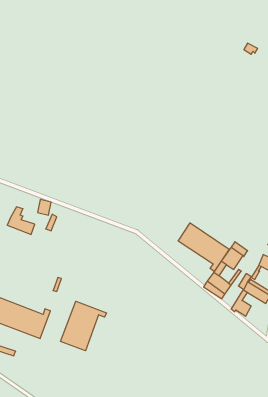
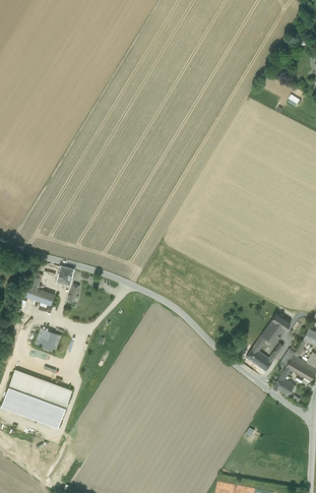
building: [178,223,229,271] -> none
building: none -> [36,328,61,352]
building: [61,301,106,351] -> none

